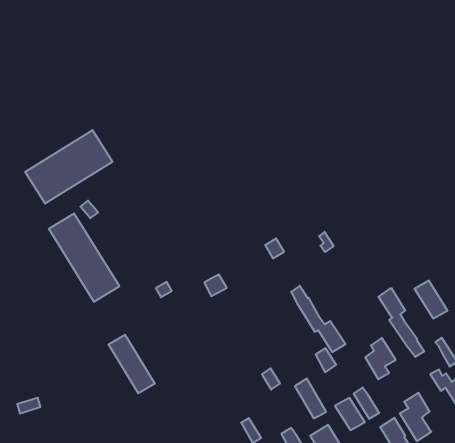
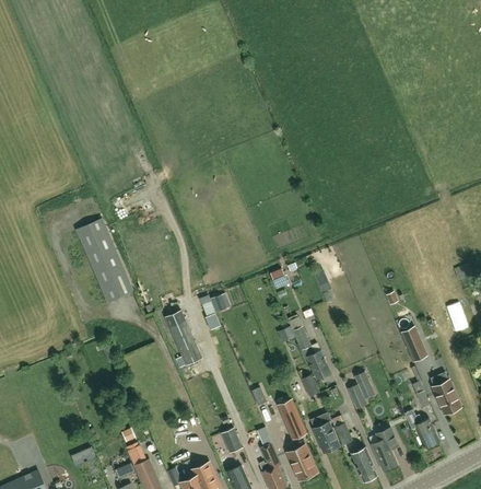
building: [25,130,113,204] -> none
building: [378,288,424,357] -> none
building: [108,335,155,393] -> [164,310,201,364]

